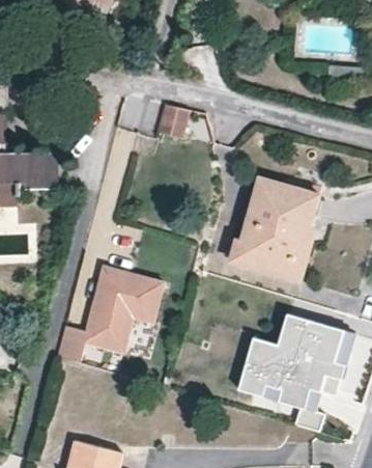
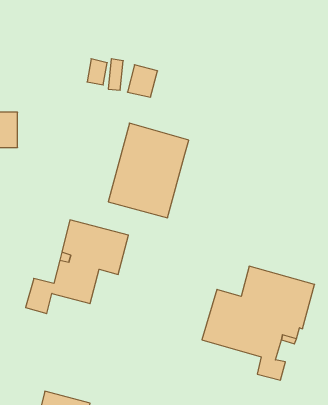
building: [236,178,319,276] -> [108,123,189,218]

